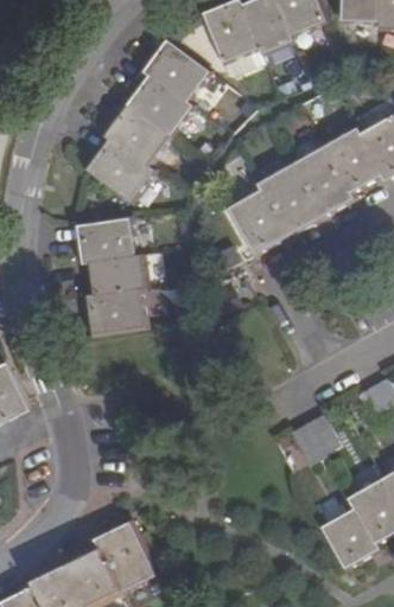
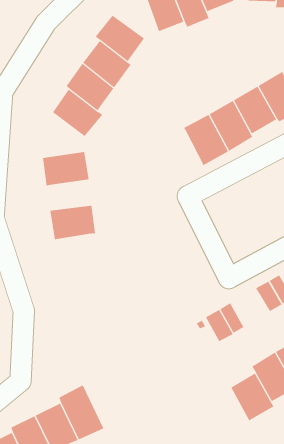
building: [231,192,286,254] -> none
building: [81,253,150,294] -> none

